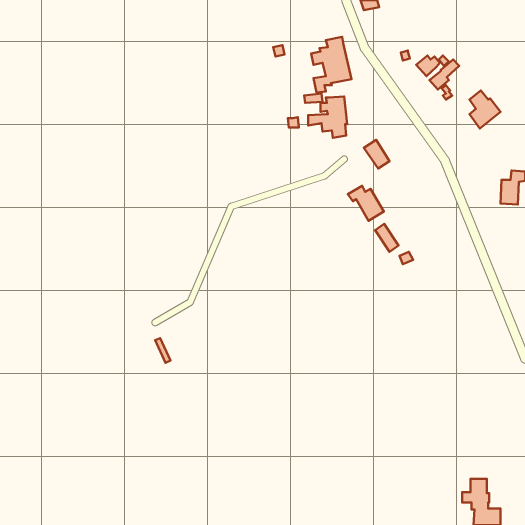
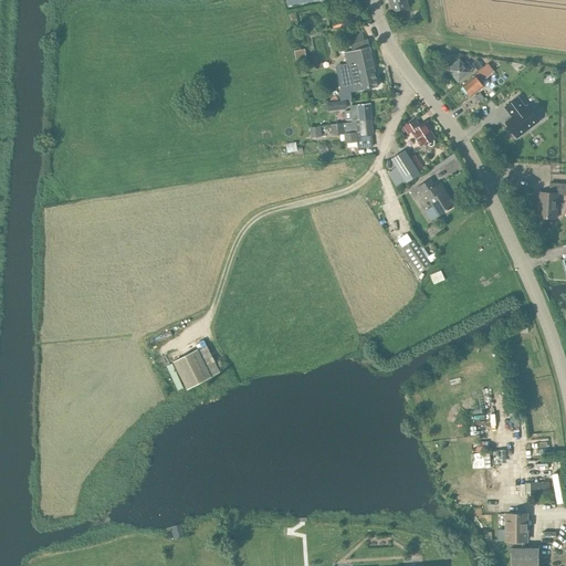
building: none -> [405,119,436,147]
building: [348,186,384,221] -> [416,178,454,216]
building: none -> [174,345,220,389]

